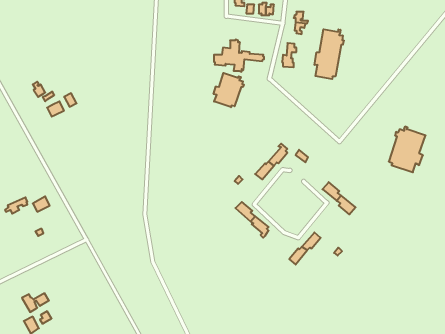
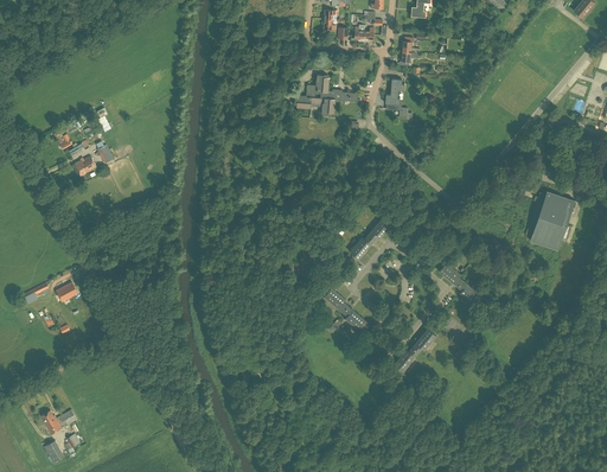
building: [315,29,344,79] -> none
building: [214,73,244,107] -> none

